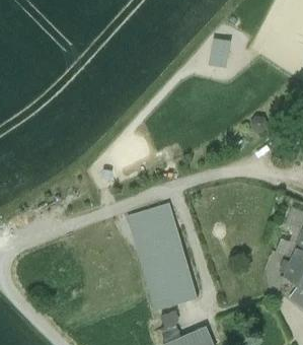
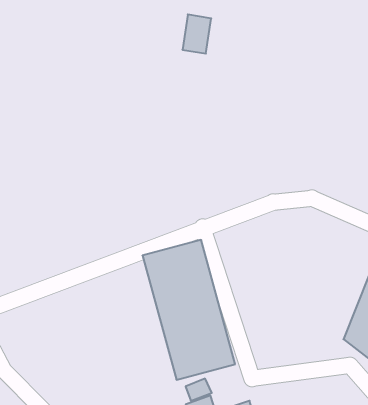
building: [209,37,231,67] -> [182,14,211,54]

